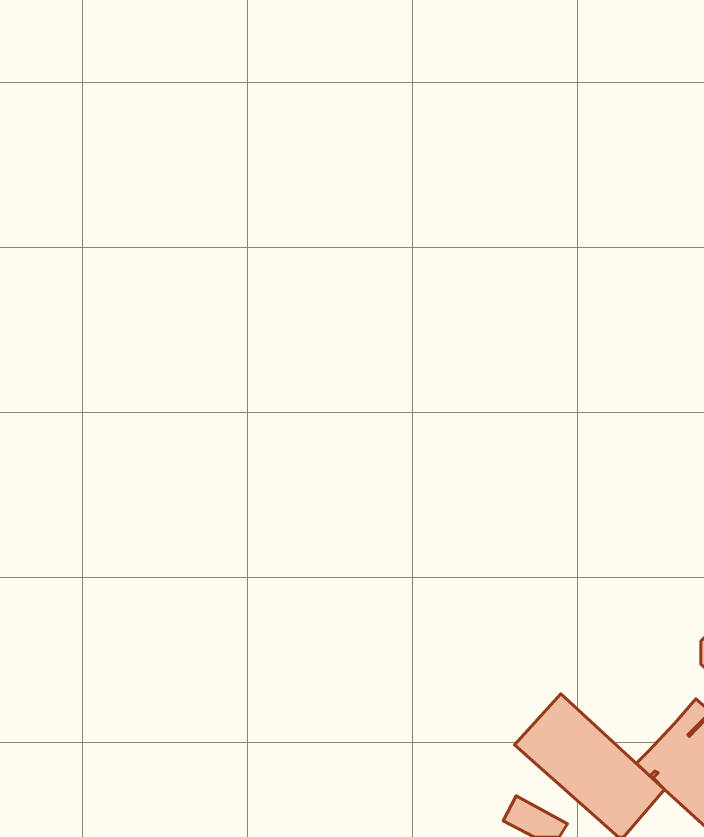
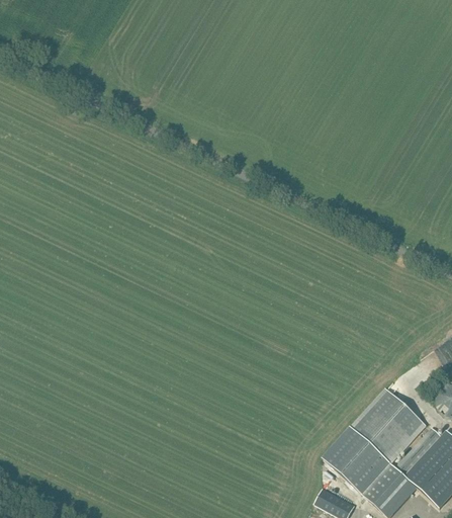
building: none -> [351,387,428,463]

